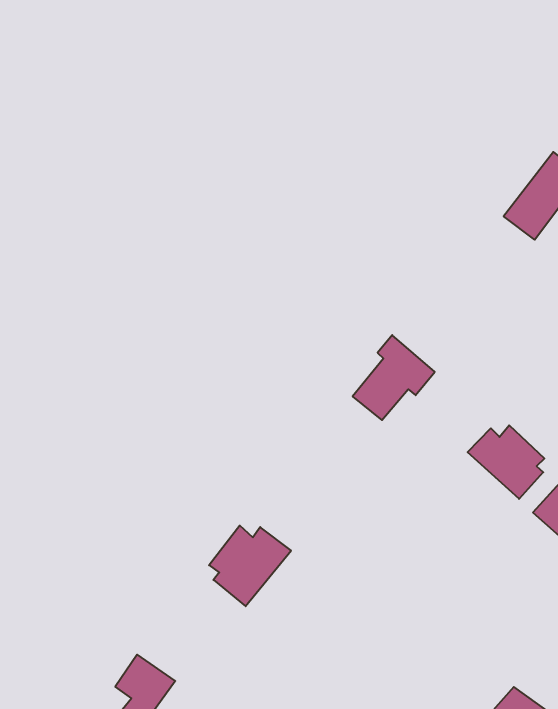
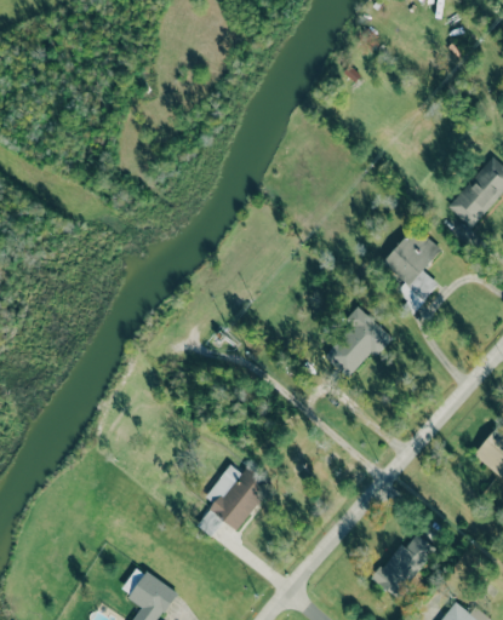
building: none -> [383,228,440,315]
building: [468,425,544,499] -> none
building: none -> [370,535,431,602]

